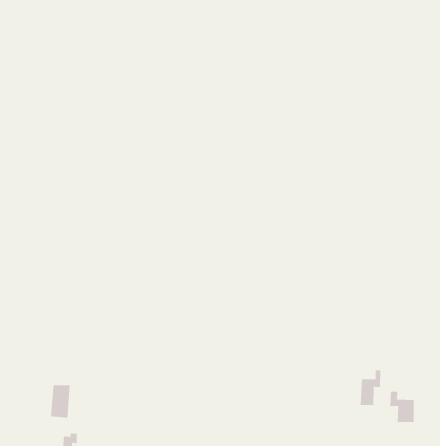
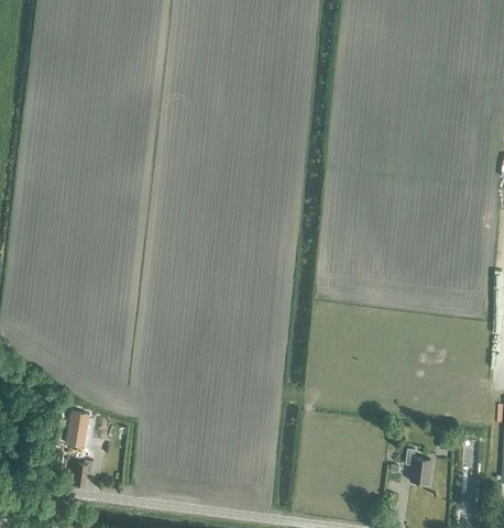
building: [360,369,381,406] -> none

